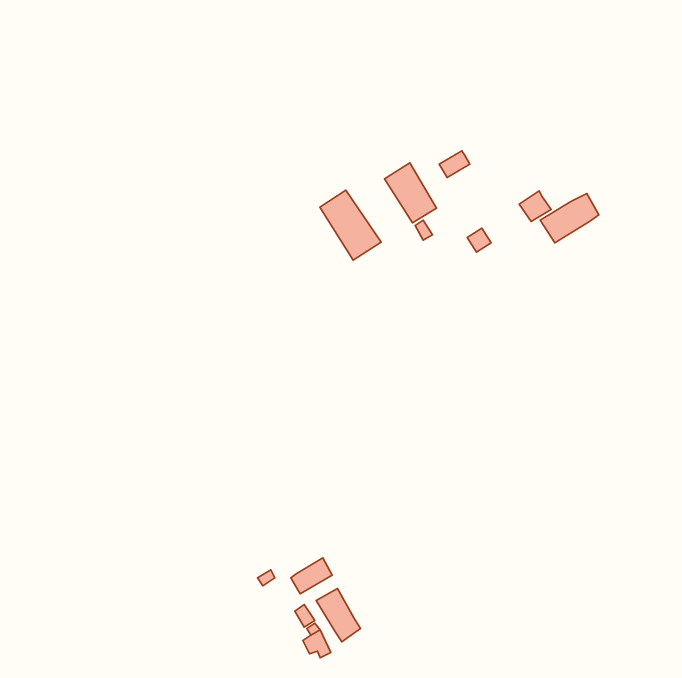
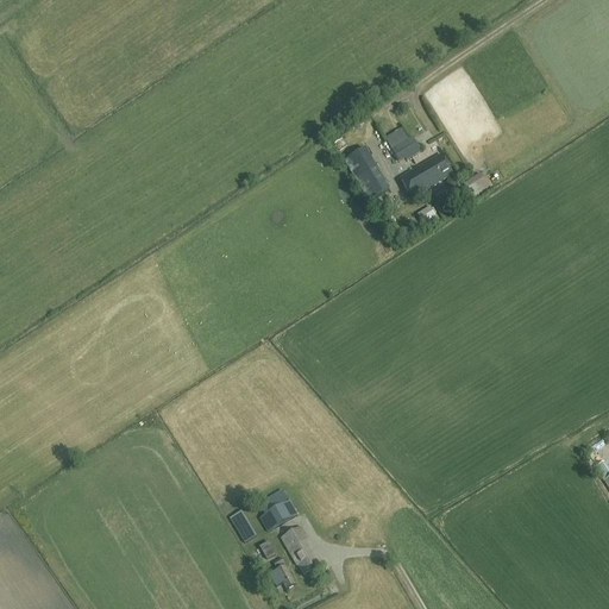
building: [320,190,381,260] -> none
building: [540,193,599,243] -> [400,152,452,196]

